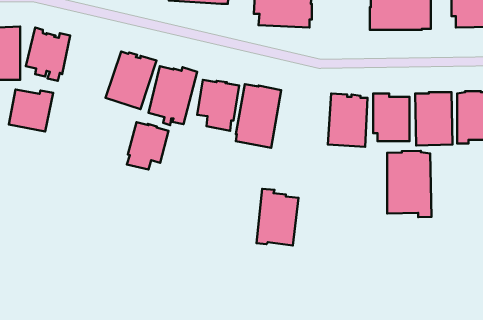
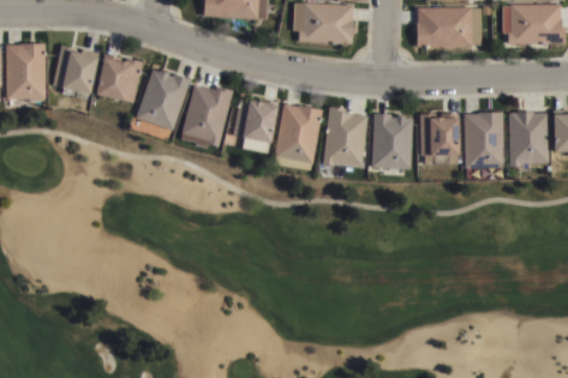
building: [9,89,53,131] -> [95,58,142,102]
building: [127,122,169,169] -> none
building: [387,151,432,217] -> none
building: [256,189,298,245] -> [323,107,367,167]

